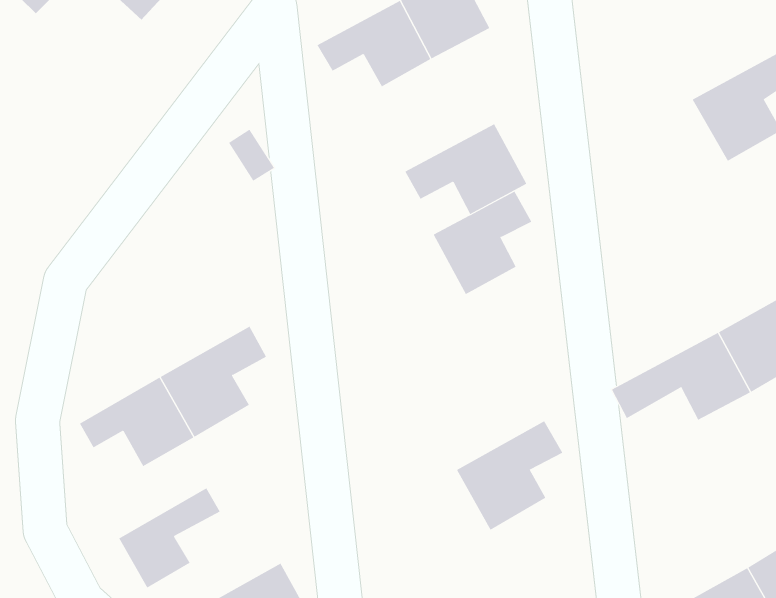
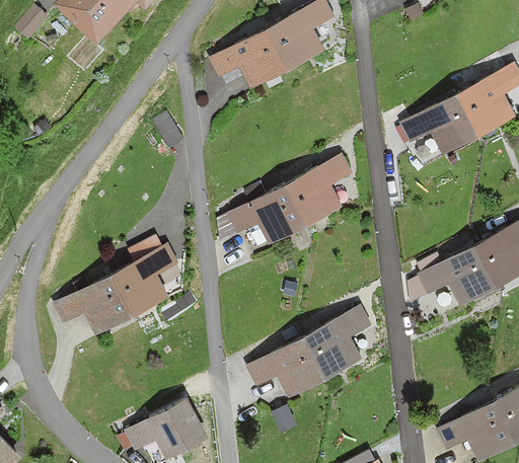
building: none -> [400,94,478,154]
building: [405,123,527,215] -> [227,182,307,242]
building: none -> [246,336,323,395]
building: [118,488,221,588] -> none

